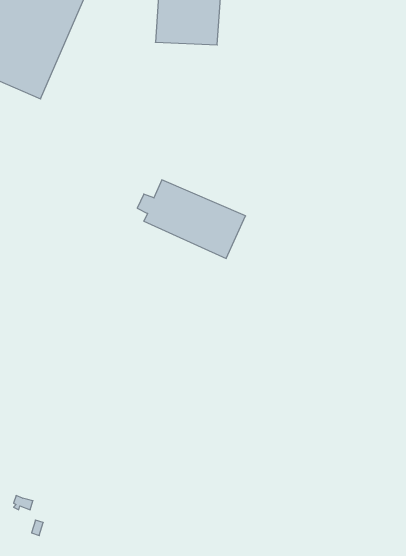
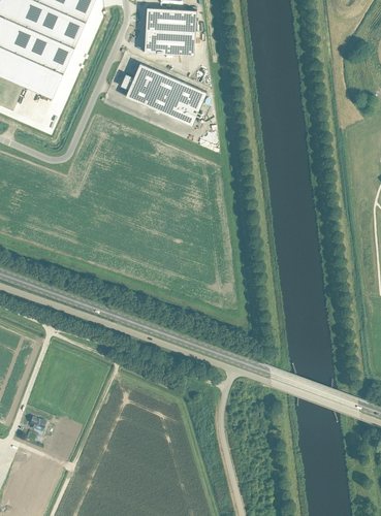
building: [137,180,246,258] -> [120,62,207,125]

